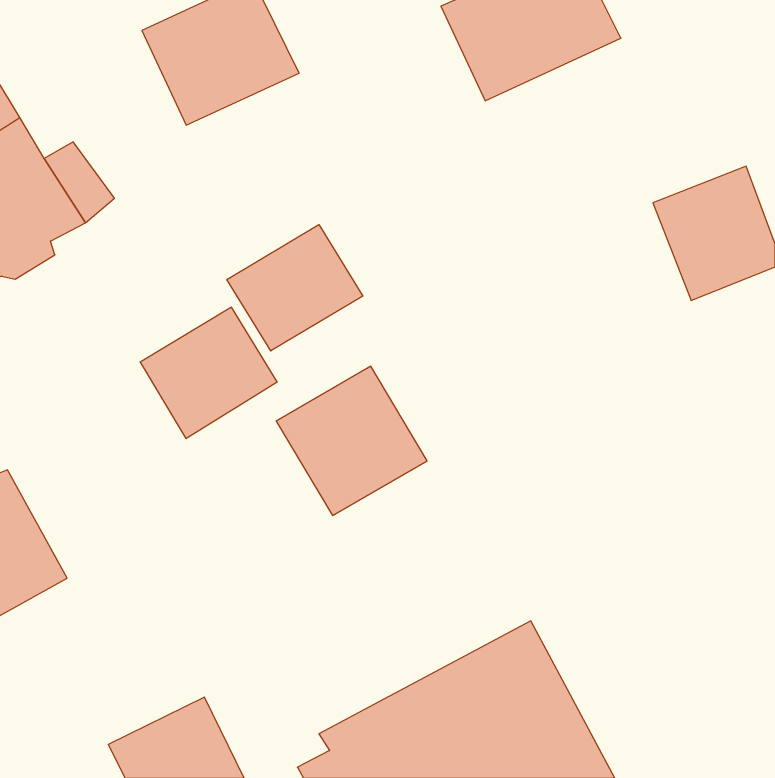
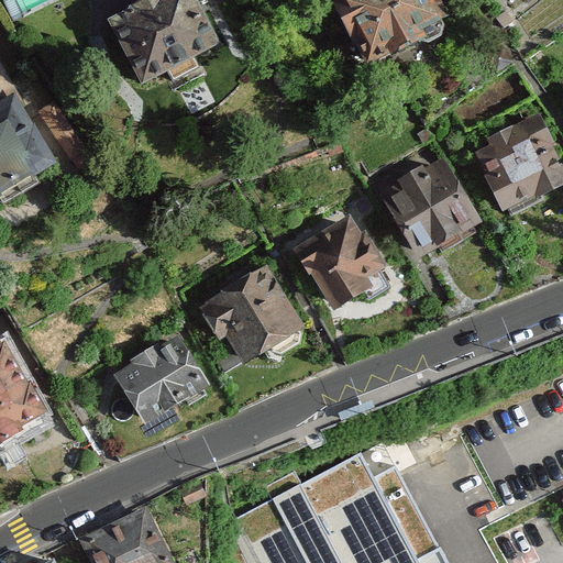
building: none -> [382,158,482,261]
building: [227,225,363,351] -> none
building: none -> [289,212,384,313]
building: [140,307,277,438] -> [112,330,211,424]

